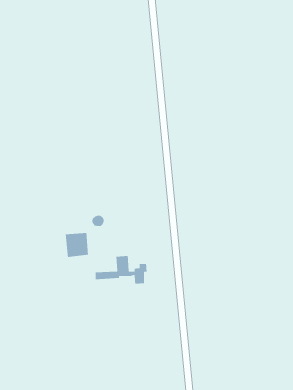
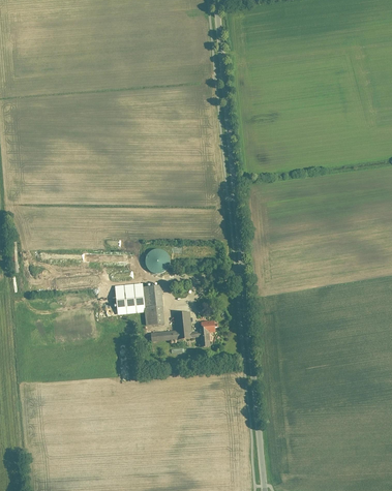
building: none -> [144,283,165,324]

